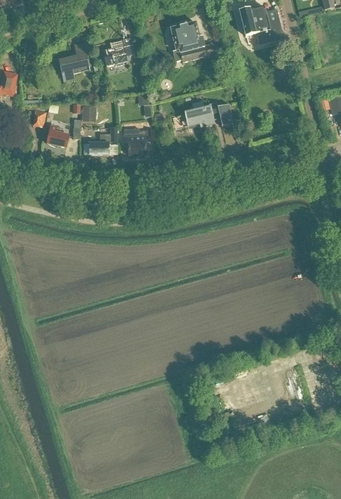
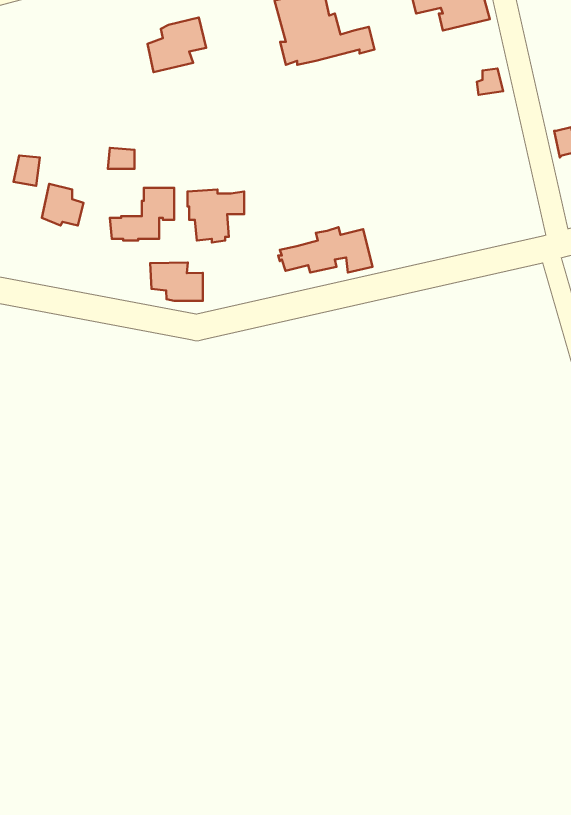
building: [59,42,90,83] -> none
building: [184,102,234,126] -> [278,227,373,273]
building: none -> [150,263,203,301]

